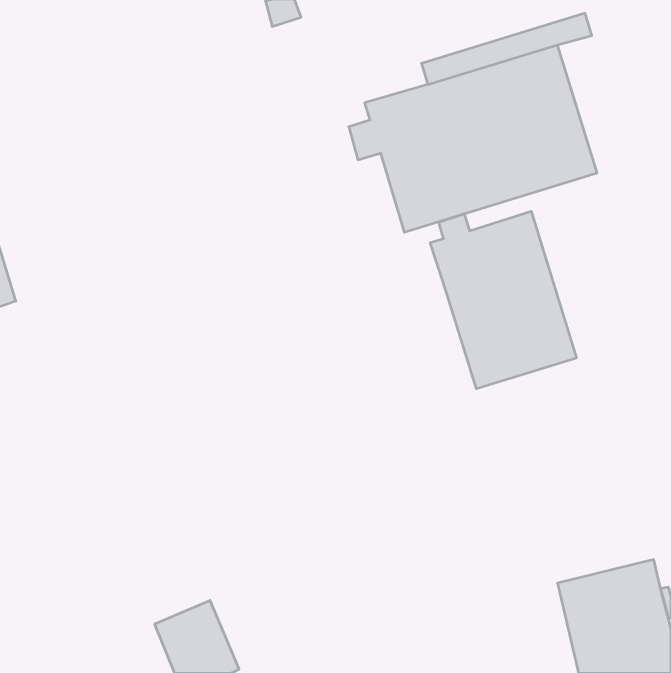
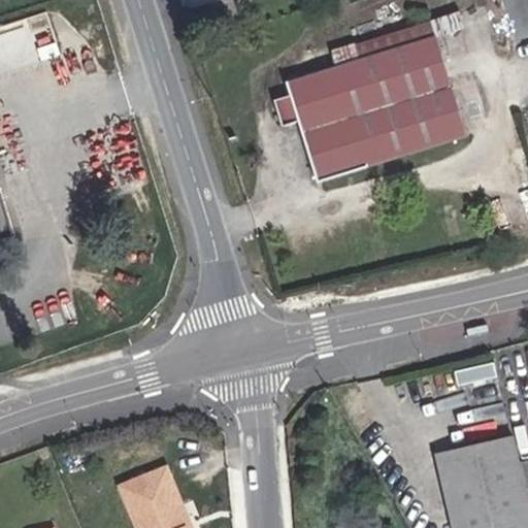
building: [430,211,576,389] -> none

